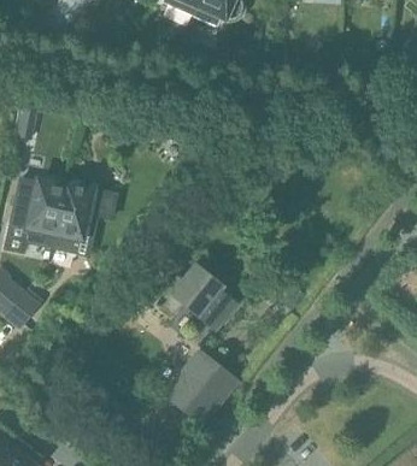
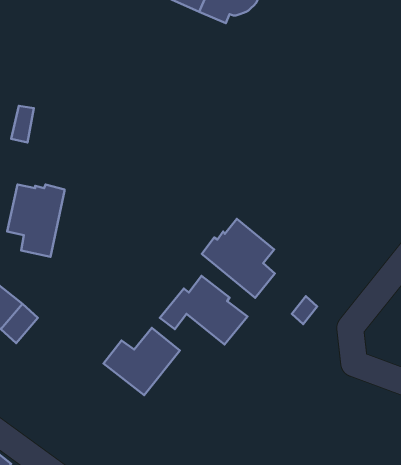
building: [52,178,94,253] -> none
building: none -> [202,219,275,298]
building: [165,360,237,424] -> [104,328,180,395]

